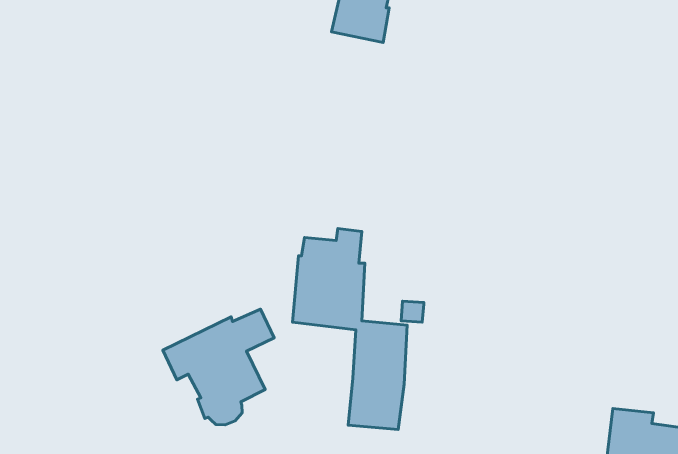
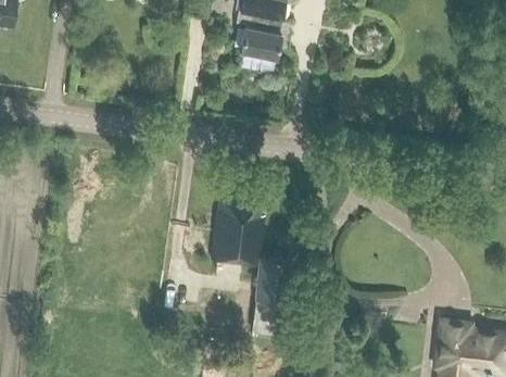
building: [163,309,274,425] -> none

